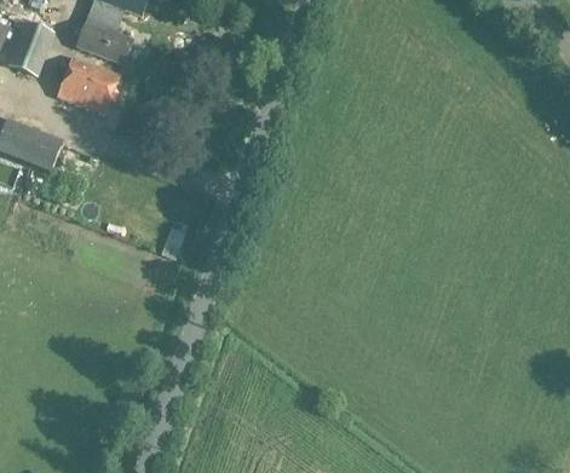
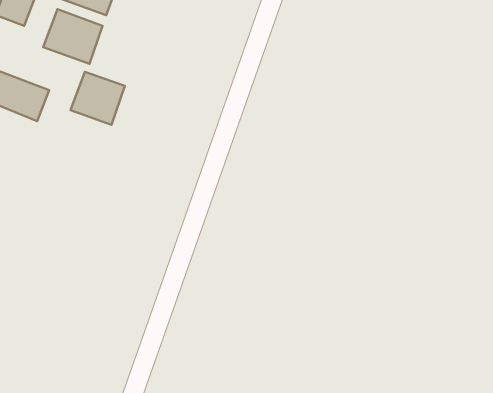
building: none -> [71,72,125,125]

